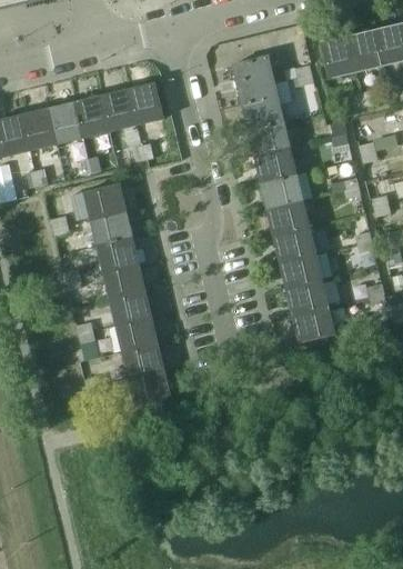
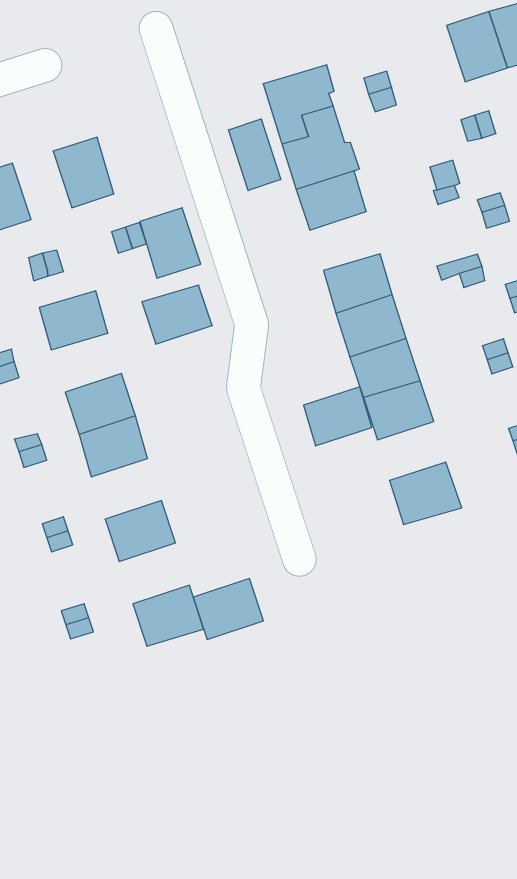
building: [321,36,356,78] -> none
building: [128,82,163,124] -> [140,208,201,278]
building: none -> [229,119,281,191]
building: [74,96,109,137] -> none
building: [254,147,296,181] -> none
building: [90,210,132,244] -> [142,285,212,344]
building: [286,279,328,313] -> [303,387,372,446]
building: [109,289,151,325] -> none
building: [122,342,164,378] -> [193,579,263,639]

